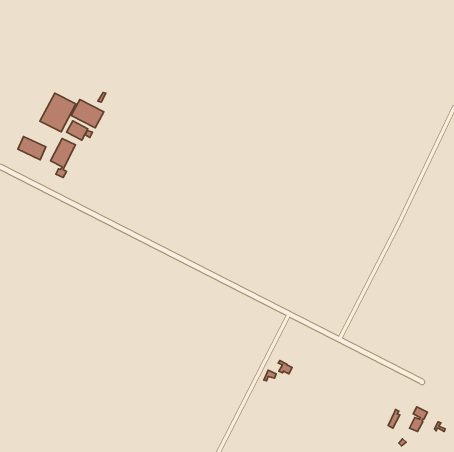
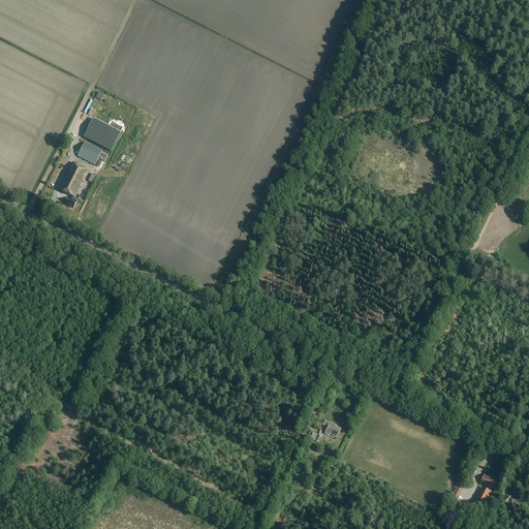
building: [40,93,76,132] -> none
building: [18,136,46,160] -> none

